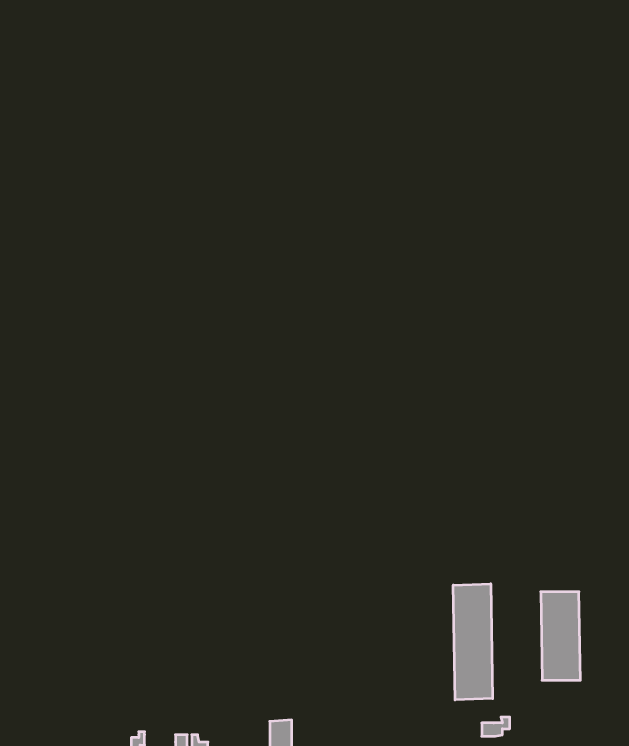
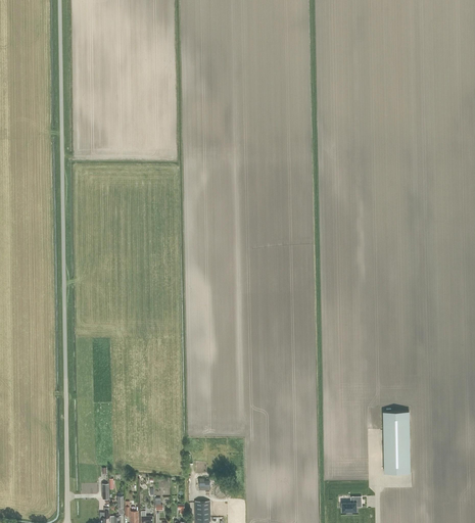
building: [453,584,493,700] -> none

